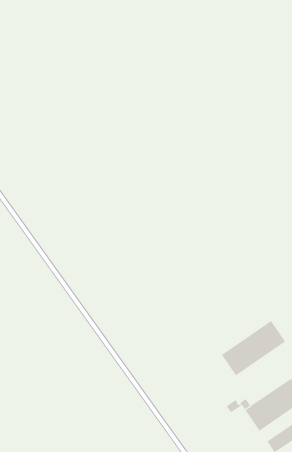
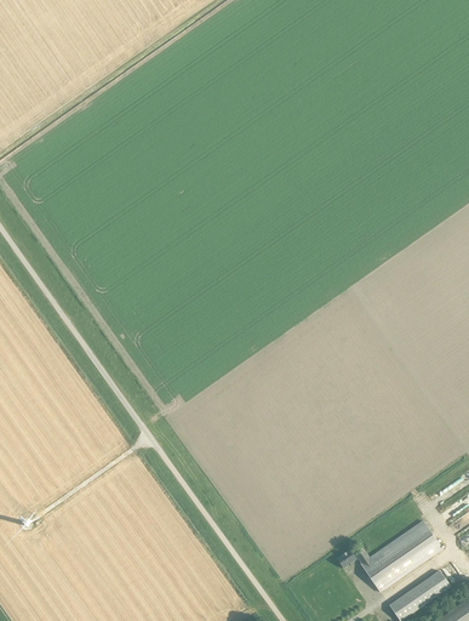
building: [221,320,286,376] -> none

